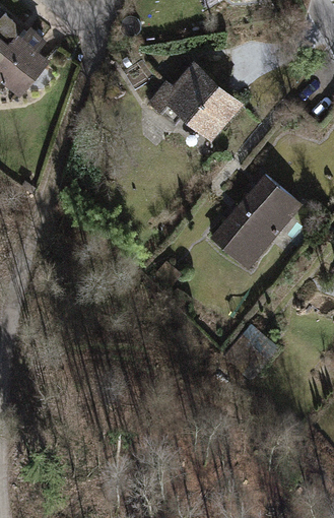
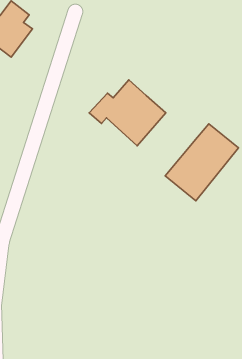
building: [149,61,244,142] -> [89,80,166,146]

